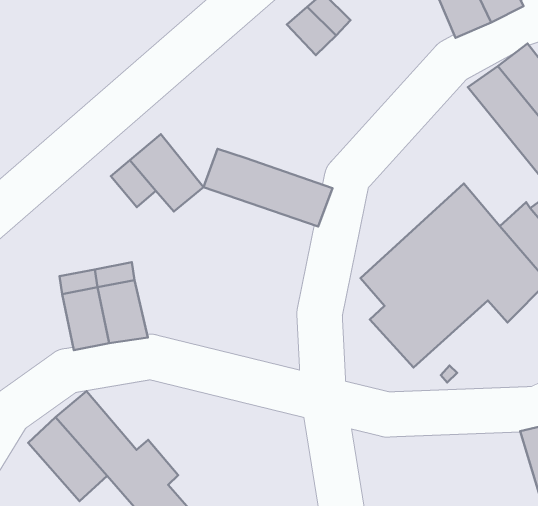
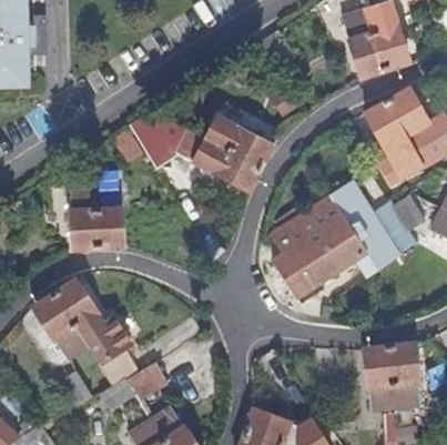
building: none -> [209,117,276,168]

